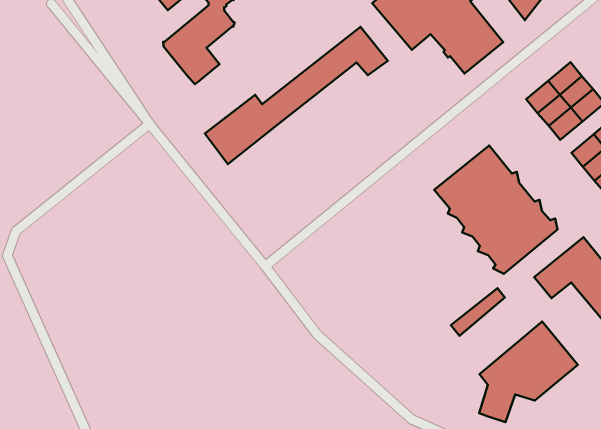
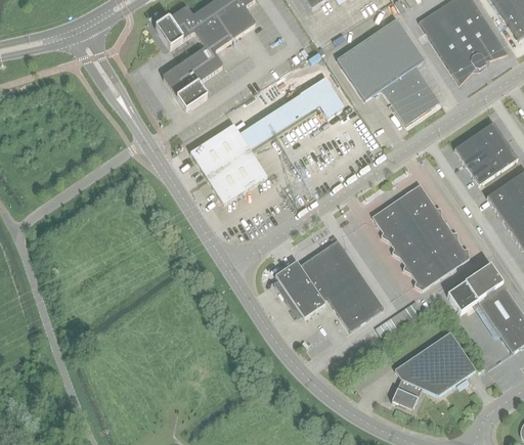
building: none -> [207,149,268,204]
building: none -> [274,238,384,329]

